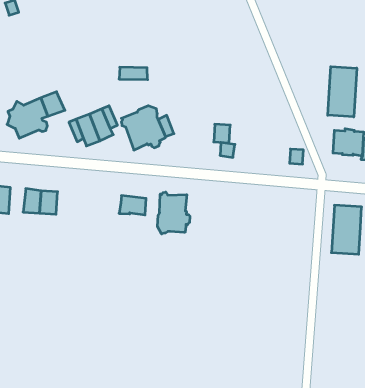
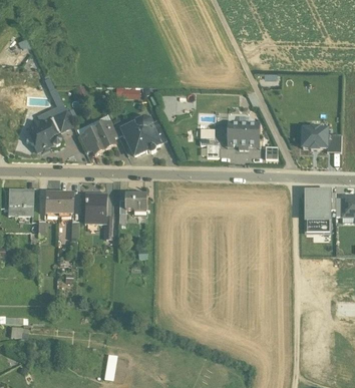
building: [328,67,357,117] -> none
building: none -> [226,122,257,147]
building: none -> [82,192,105,223]
building: [157,192,190,234] -> none

